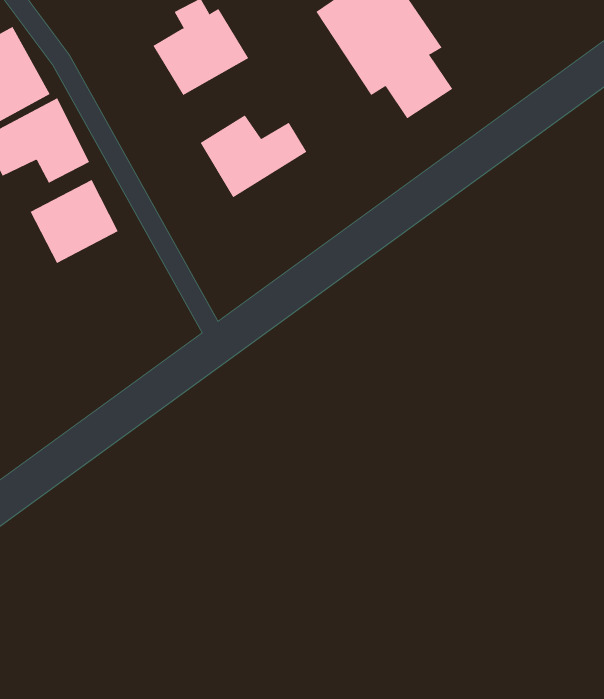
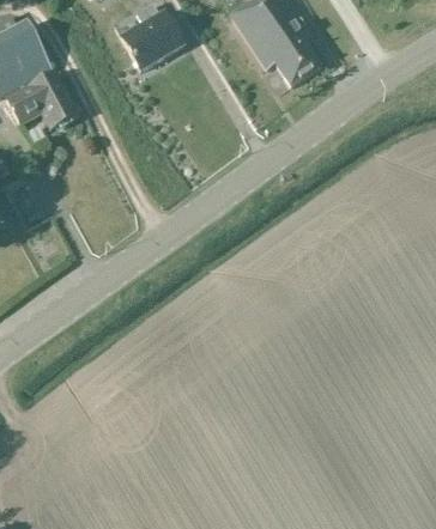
building: [200,114,307,198] -> none
building: [30,179,119,264] -> none

